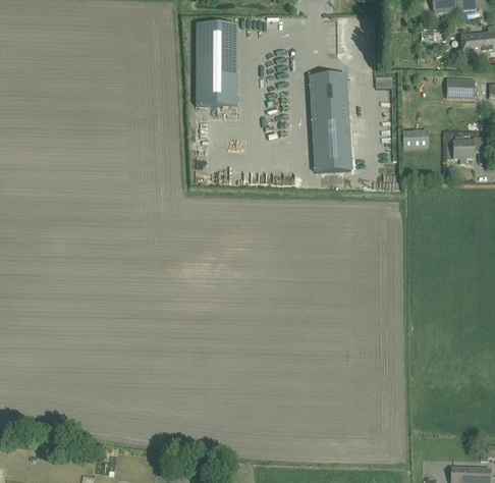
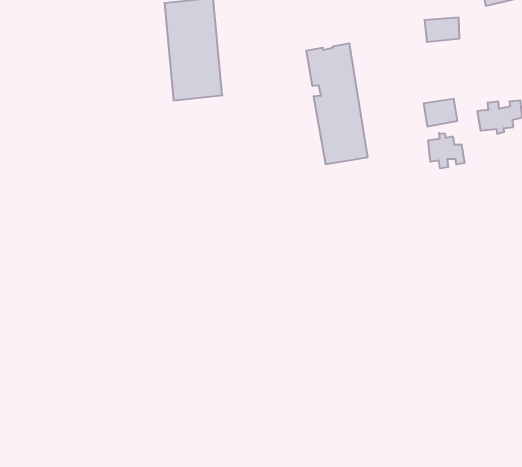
building: [450,78,479,97] -> [424,18,460,42]
building: none -> [428,133,465,168]

